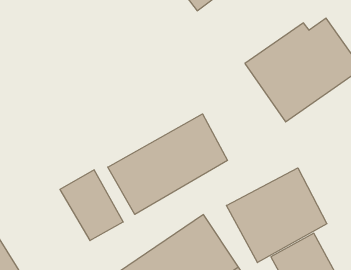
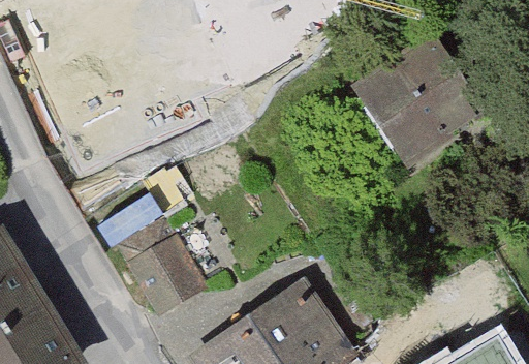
building: [108,114,227,214] -> none
building: [226,168,327,263] -> none

